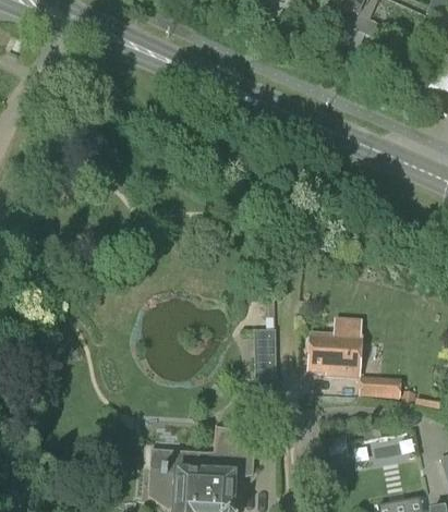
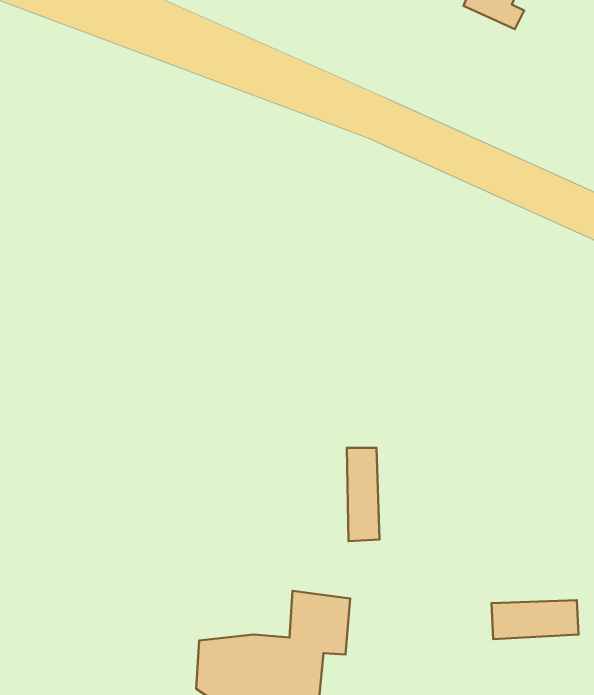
building: [308,317,364,373] -> none
building: [360,377,401,399] -> none

